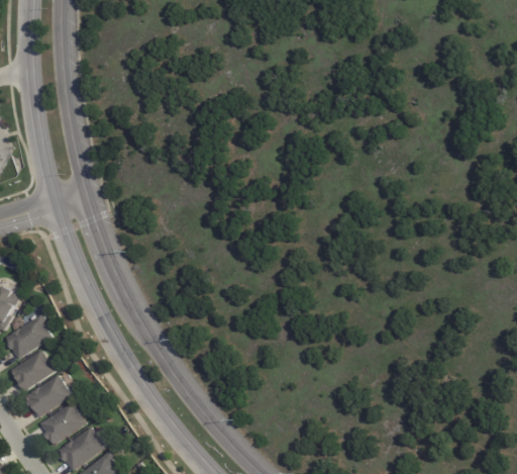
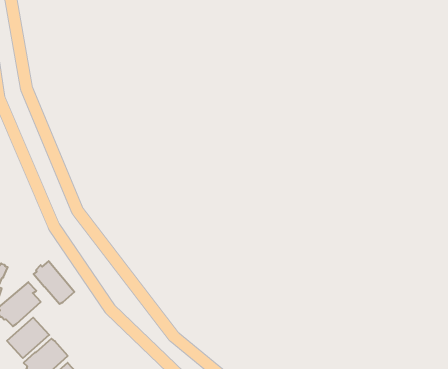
building: none -> [34,261,74,304]

